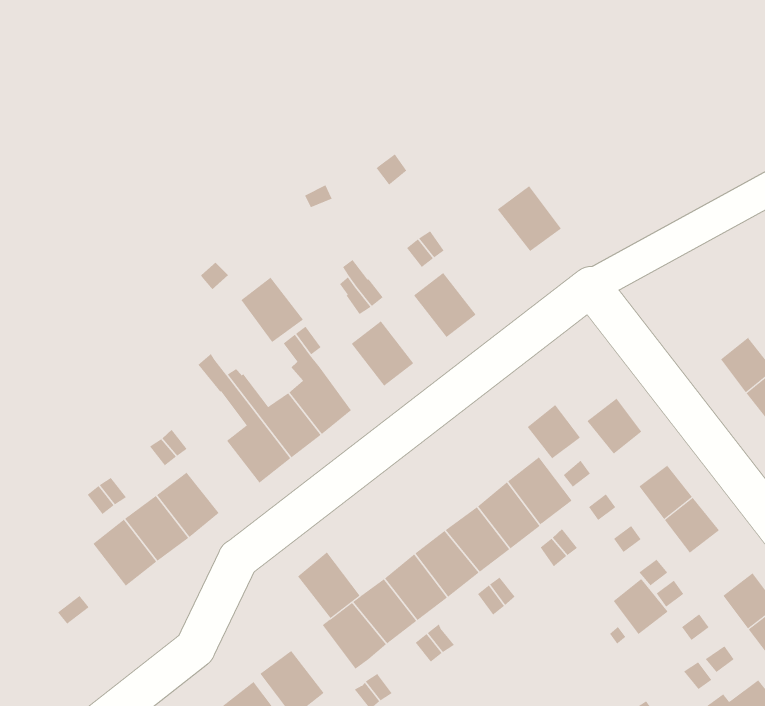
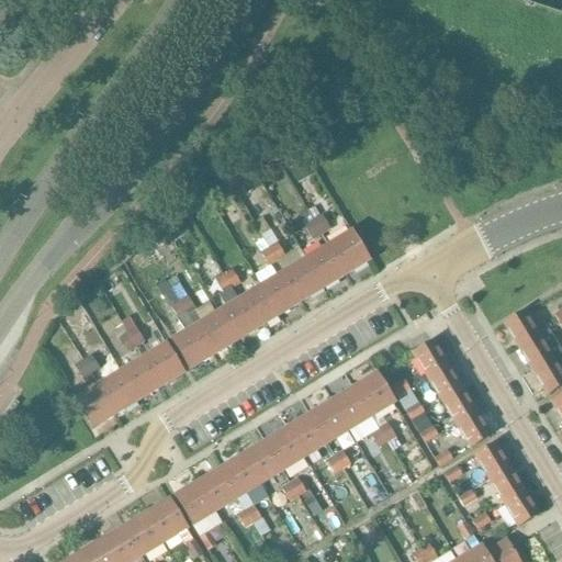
building: [497,184,562,252] -> [327,227,369,272]
building: [240,277,304,343] -> [238,282,279,326]
building: none -> [282,255,324,300]
building: [527,404,581,459] -> [426,362,461,398]
building: none -> [142,340,183,384]
building: [297,551,361,619] -> [198,467,238,512]
building: [613,578,669,635] -> [473,440,509,477]

